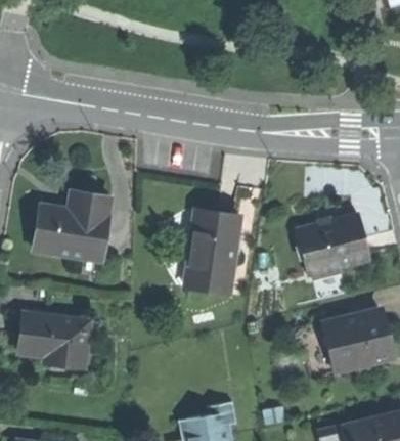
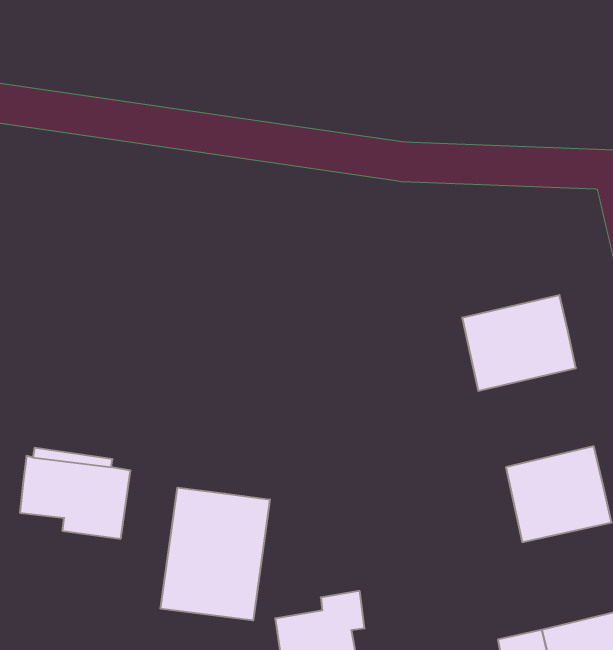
building: [34,193,112,257] -> none
building: [185,211,240,291] -> none
building: none -> [161,488,270,621]

